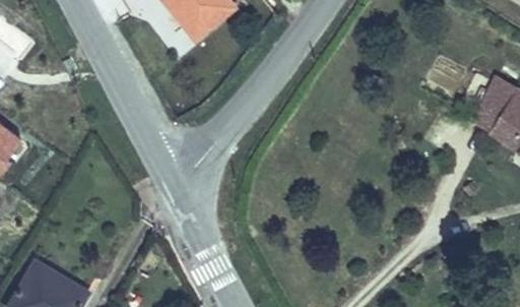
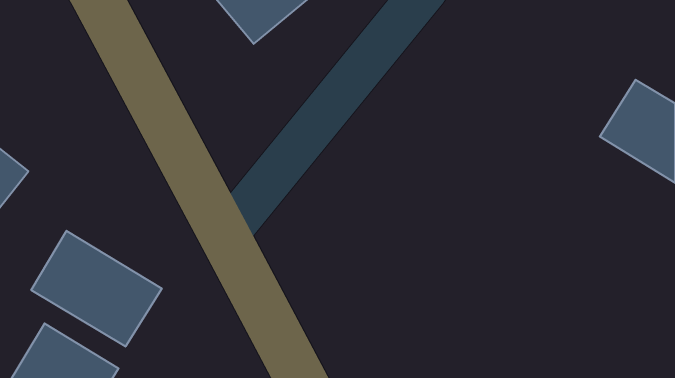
building: none -> [31,231,162,347]

